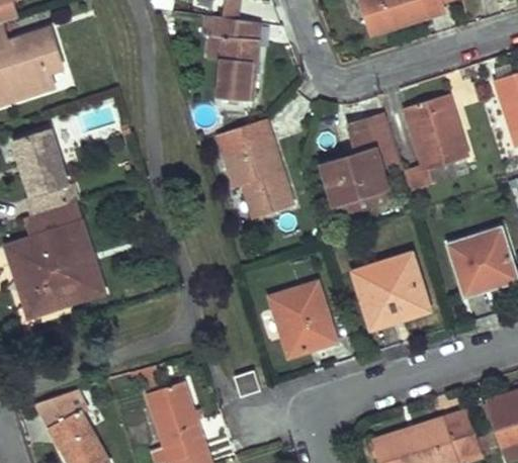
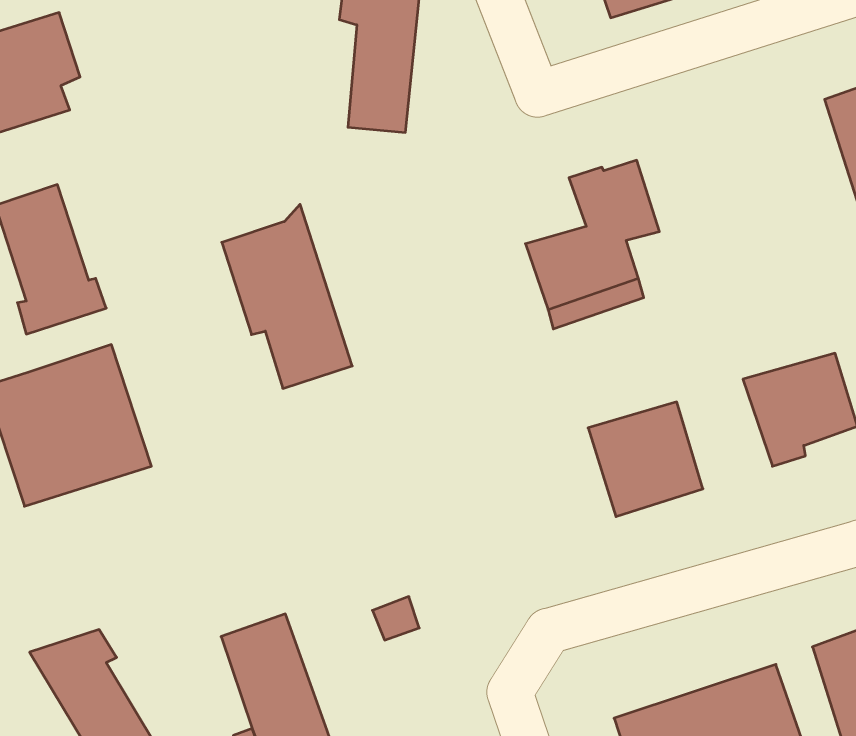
building: [403,95,467,189] -> none
building: [219,112,294,219] -> [222,204,352,388]
building: [26,204,81,241] -> none
building: [270,282,336,355] -> none

